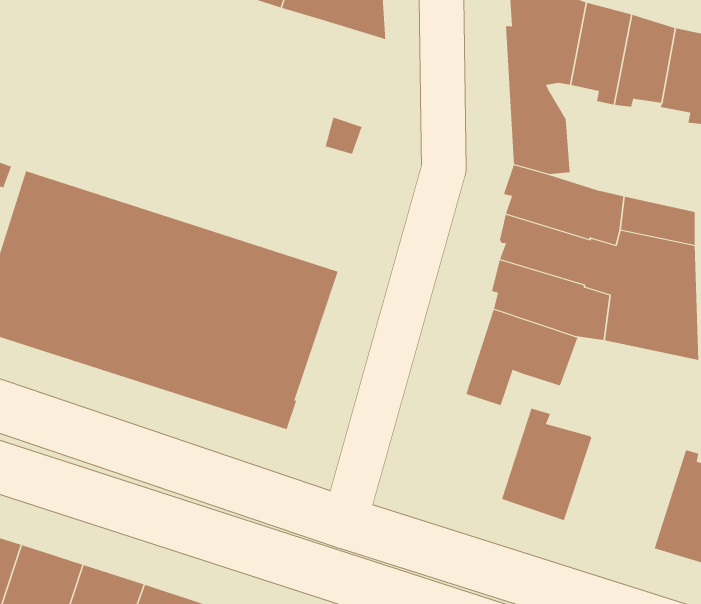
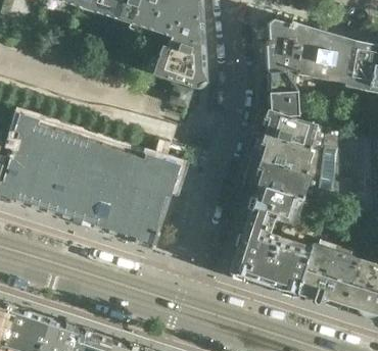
building: none -> [151,35,204,86]
building: none -> [229,215,277,282]
building: none -> [294,241,357,307]

